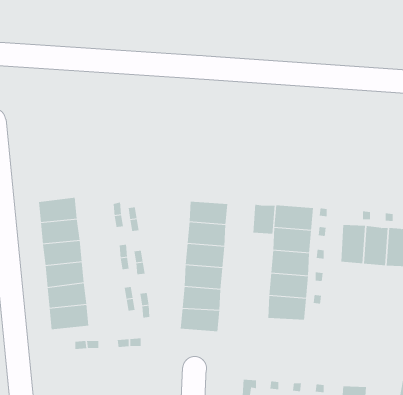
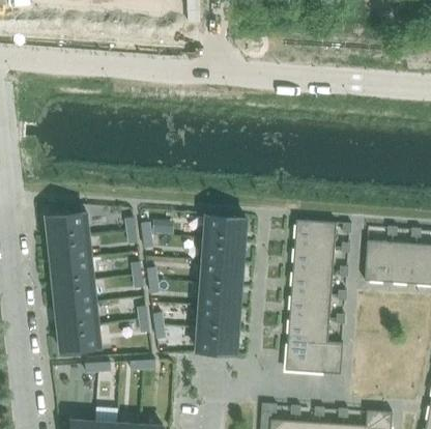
building: [253,204,275,235] -> none
building: none -> [284,339,342,374]

